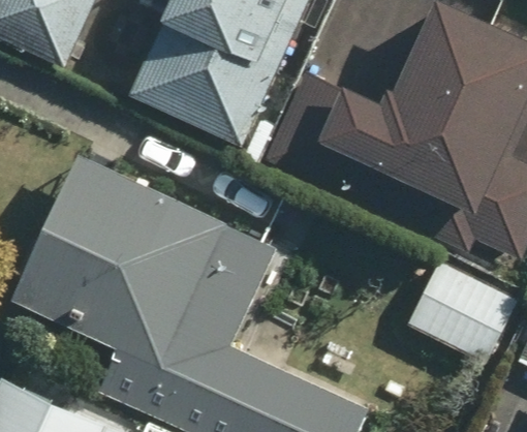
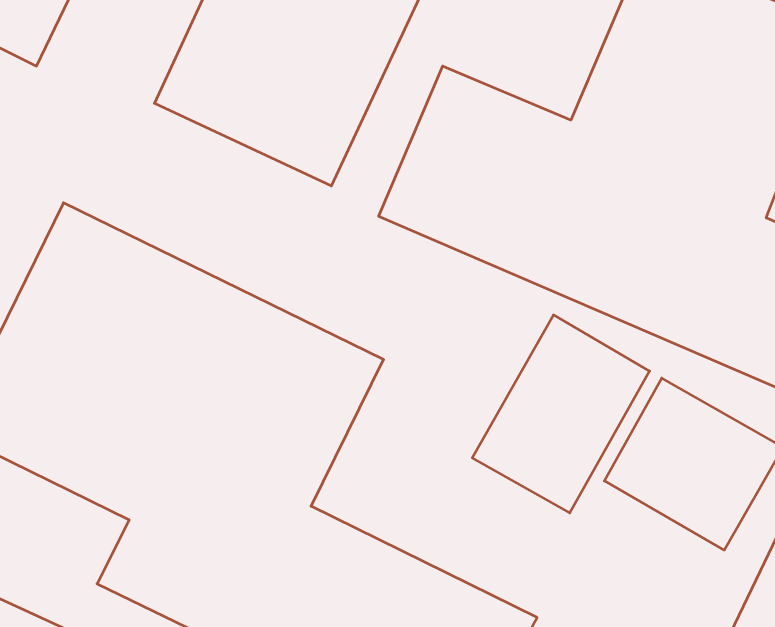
building: none -> [472,315,650,513]

